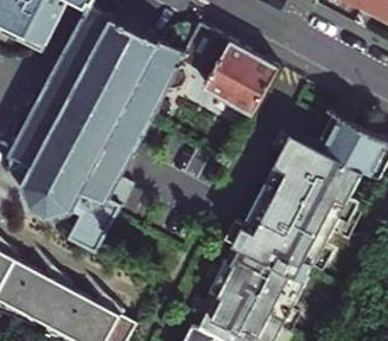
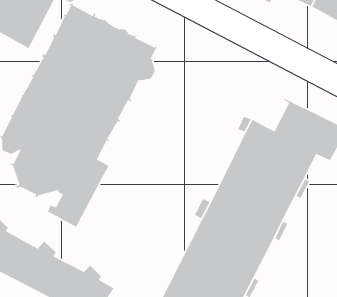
building: [178,25,276,116] -> none

